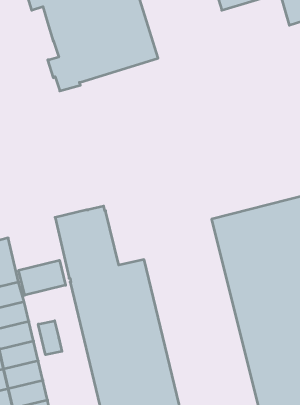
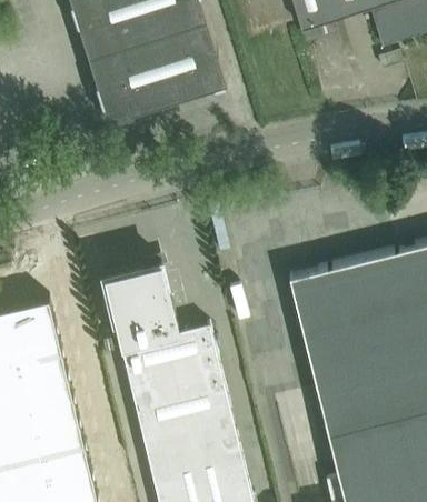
building: [19,260,66,295] -> none
building: [38,321,62,355] -> none

